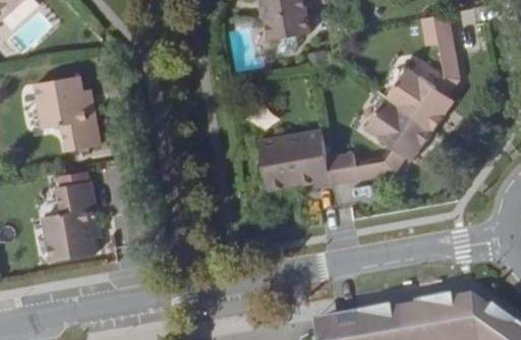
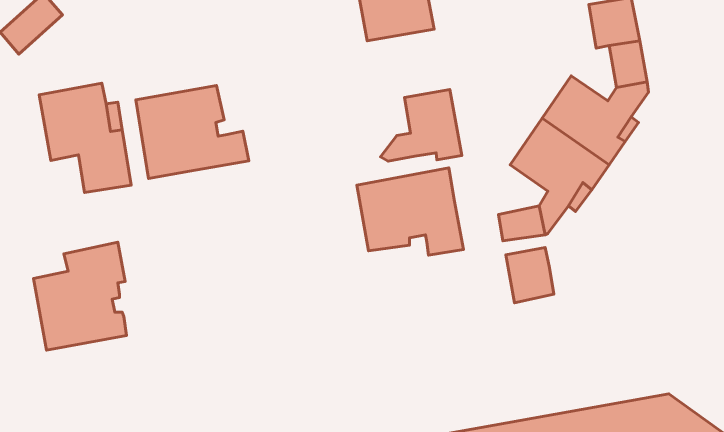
building: none -> [136,86,249,179]
building: none -> [380,90,462,161]
building: [327,150,360,188] -> [506,247,554,303]

